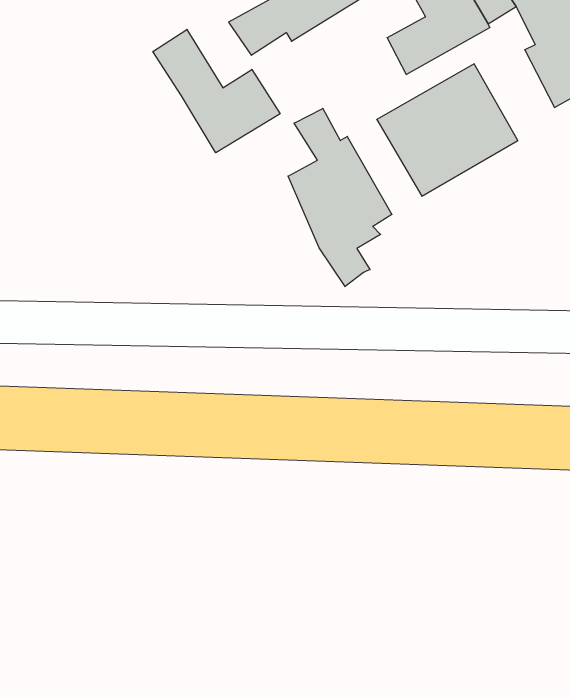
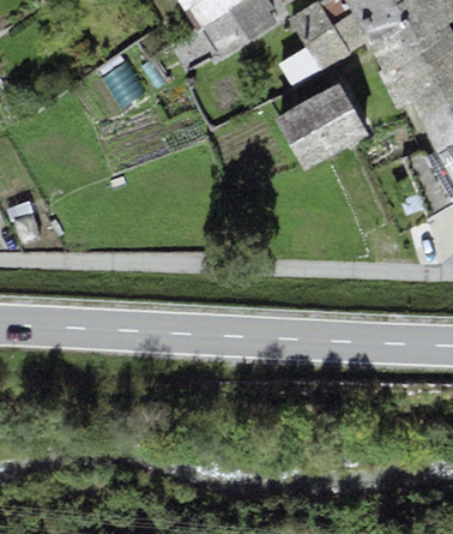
building: [153,29,280,153] -> none
building: [288,108,392,287] -> none

